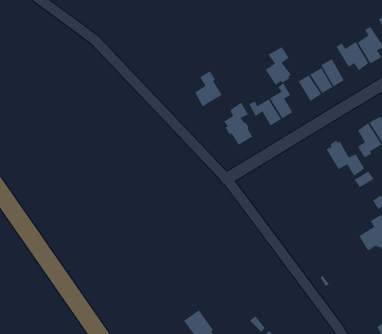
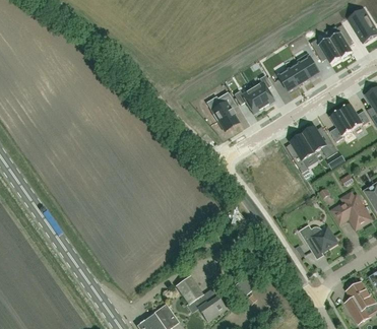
building: [264,46,291,86] -> none
building: [194,70,223,107] -> none
building: none -> [291,134,316,173]
building: none -> [299,223,337,251]

